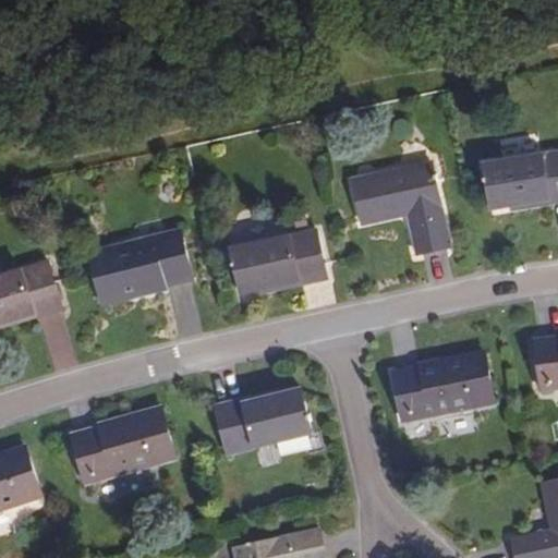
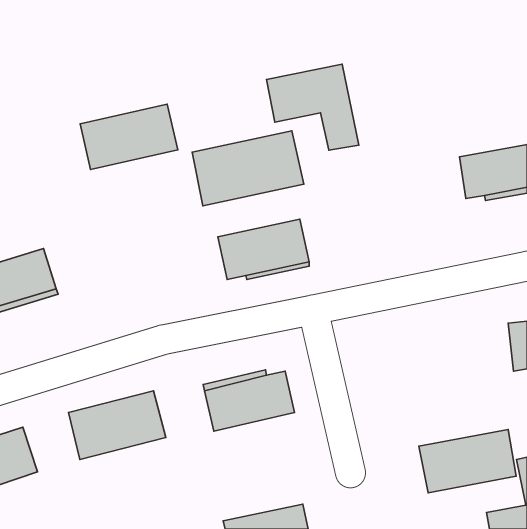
building: none -> [192,131,304,206]
building: [351,162,448,253] -> [267,64,359,150]
building: [88,231,191,300] -> [80,104,178,170]
building: [391,353,494,420] -> [419,430,516,493]

